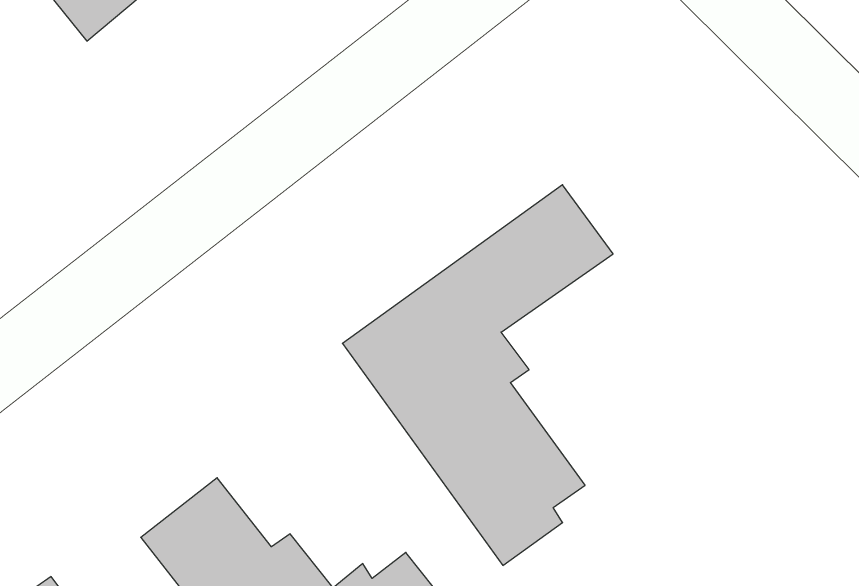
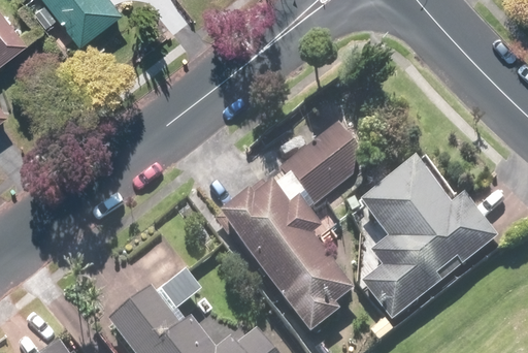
building: none -> [359,159,497,322]

